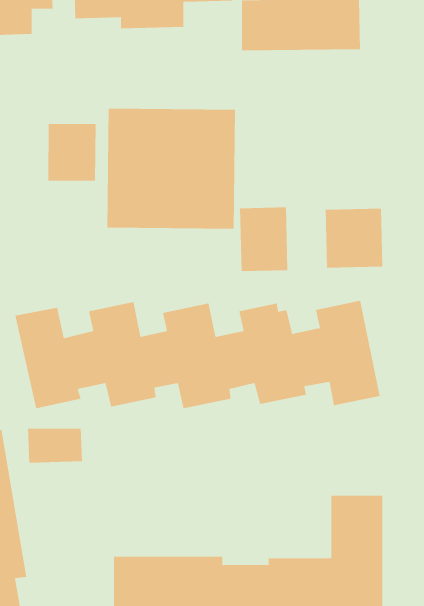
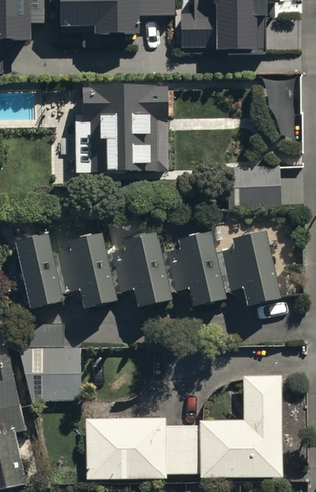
building: [48,123,96,182] -> none
building: [240,207,288,272] -> none
building: none -> [26,352,83,401]

